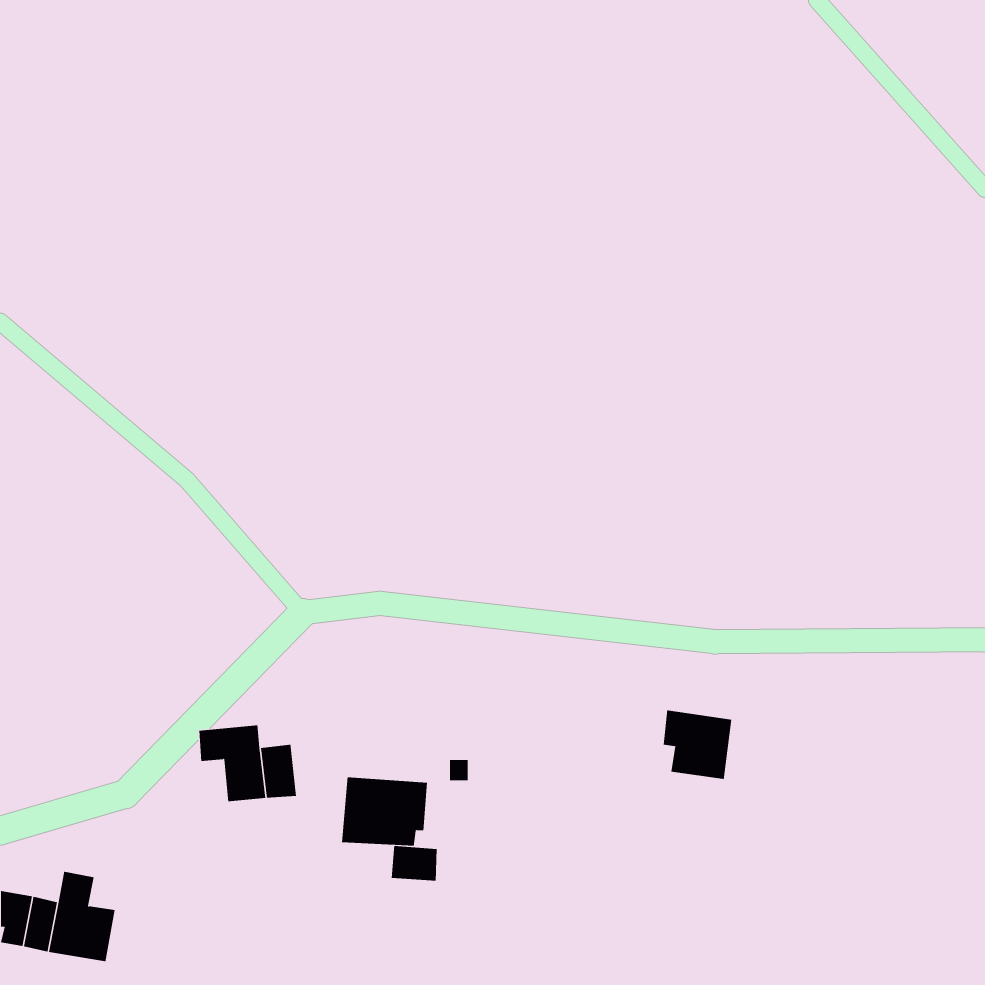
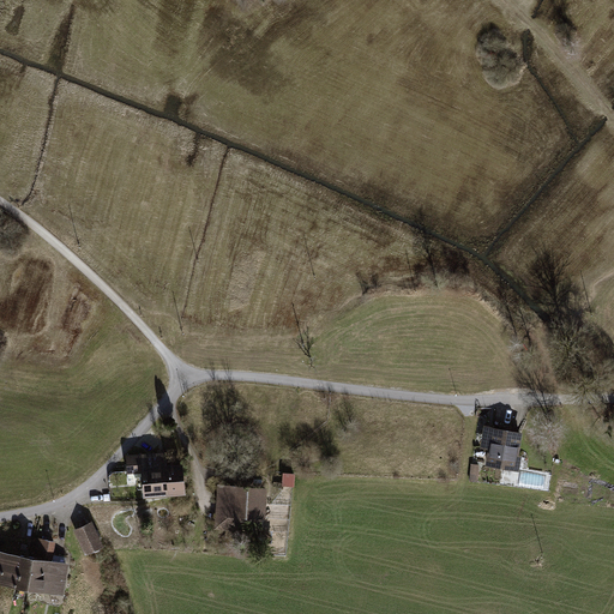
building: [663,710,732,779] -> [484,429,528,472]
building: none -> [72,518,103,554]
building: [391,845,437,882] -> none

